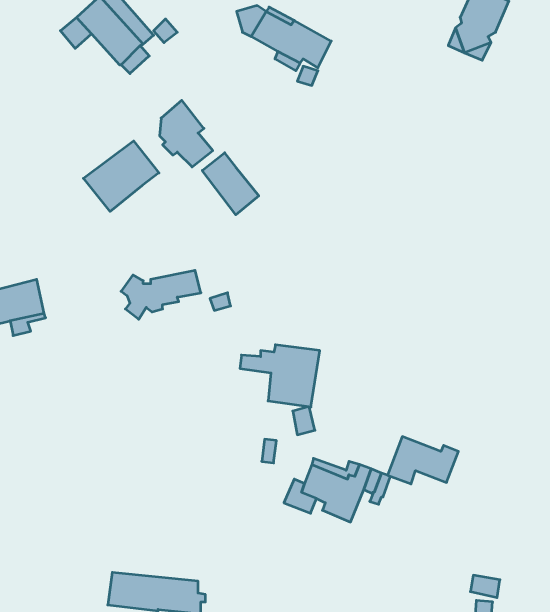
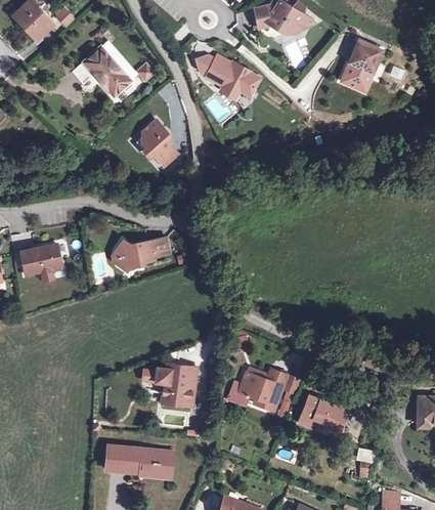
building: [83,141,159,211] -> none
building: [202,153,259,215] -> none
building: [240,345,320,407] -> [141,363,197,406]
building: [387,437,458,484] -> [298,395,347,428]

